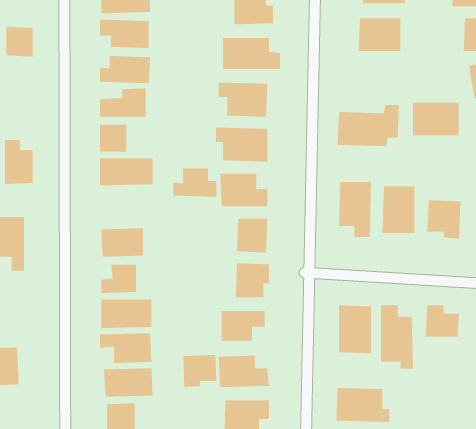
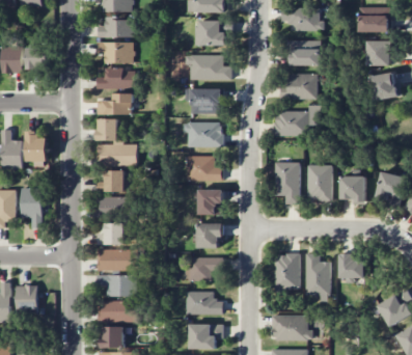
building: [412,102,460,136] -> [281,74,317,99]
building: [172,168,217,197] -> [98,170,131,192]
building: [183,354,217,388] -> none

